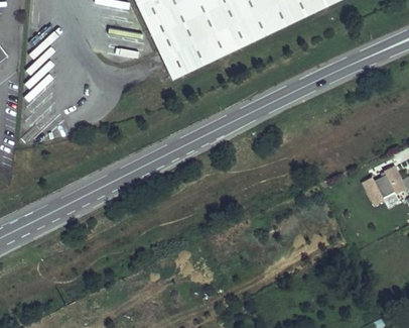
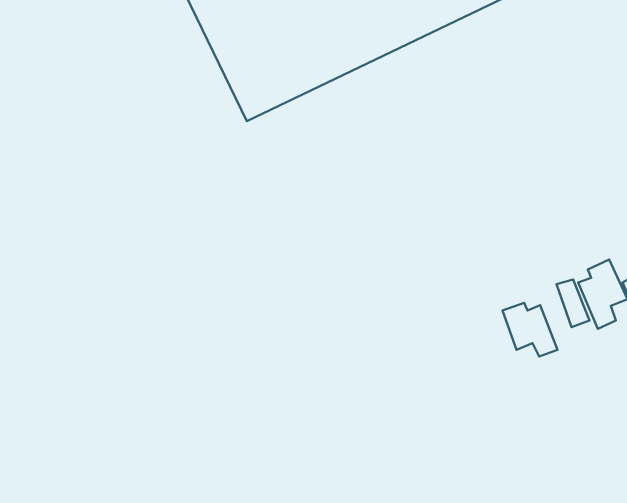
building: none -> [502,303,558,356]

